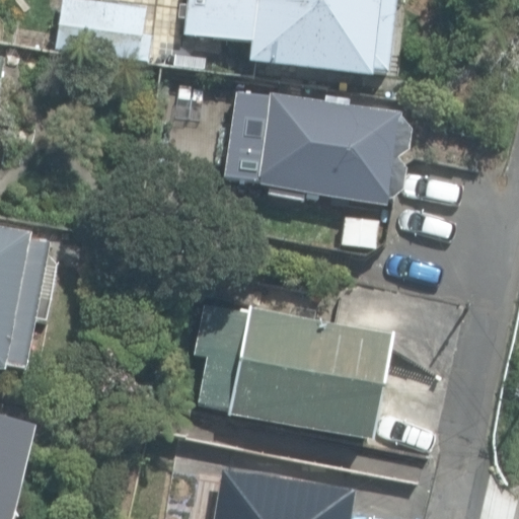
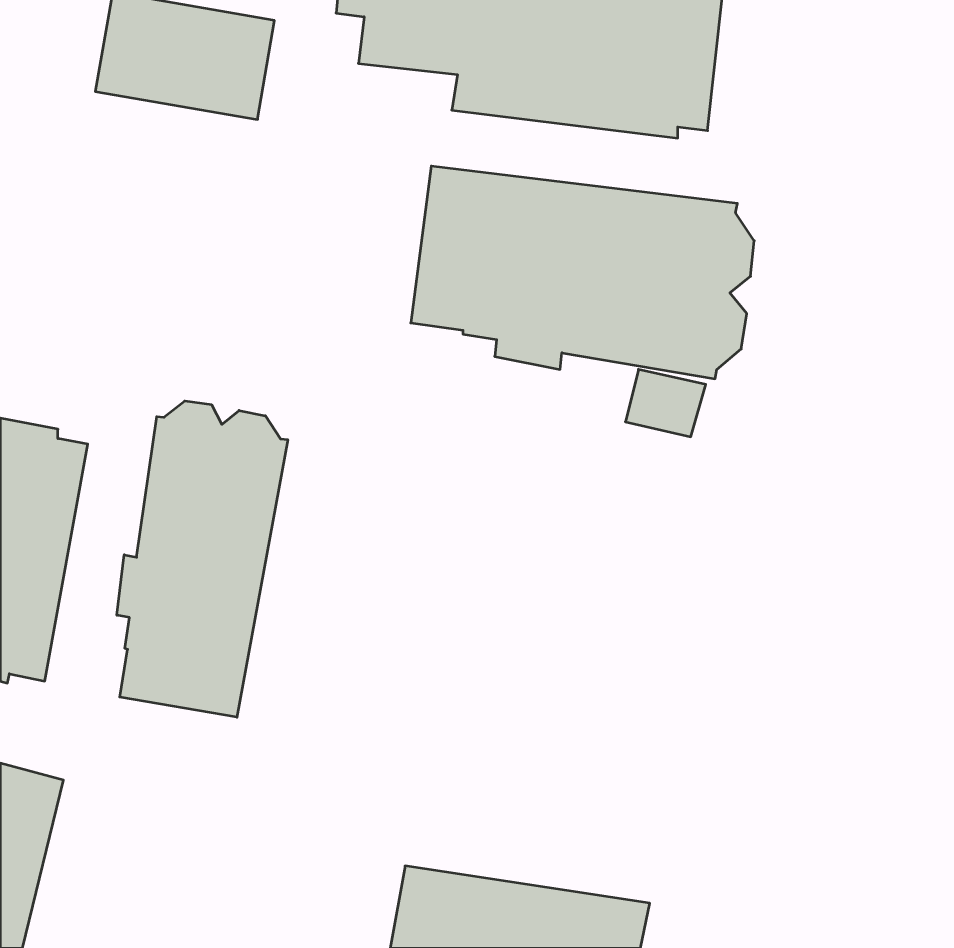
building: none -> [117,401,288,717]
building: [197,303,395,441] -> none

